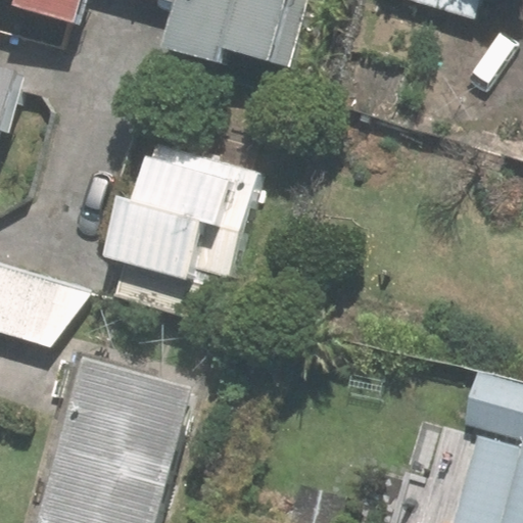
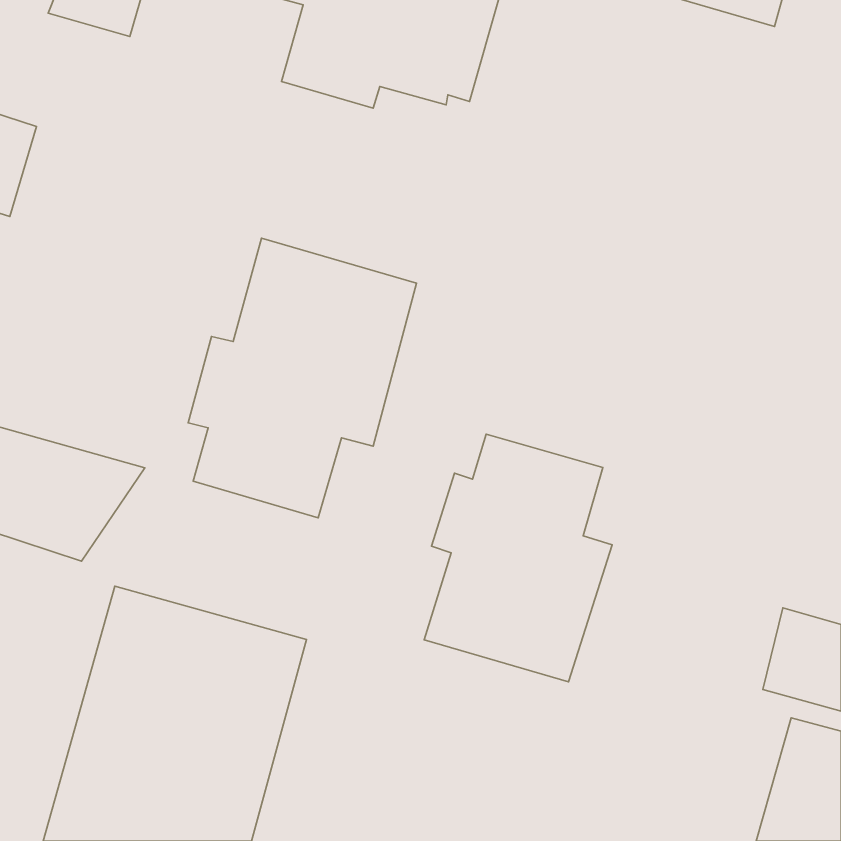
building: none -> [424,434,612,682]

